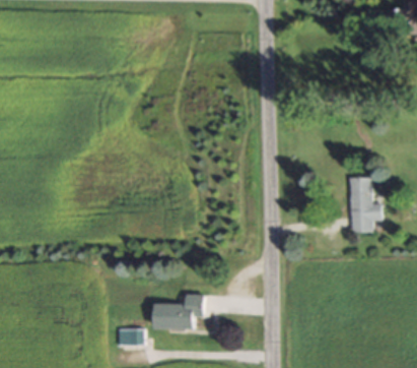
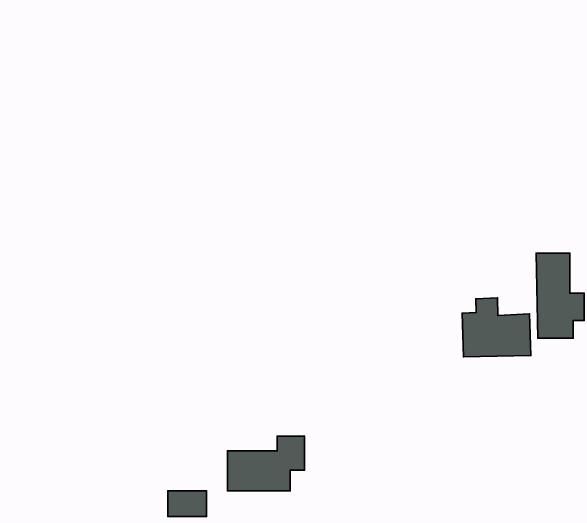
building: none -> [462,298,531,357]

